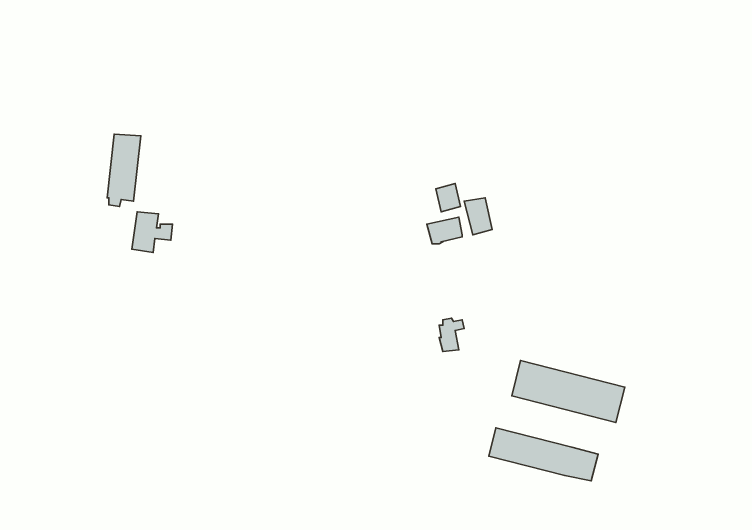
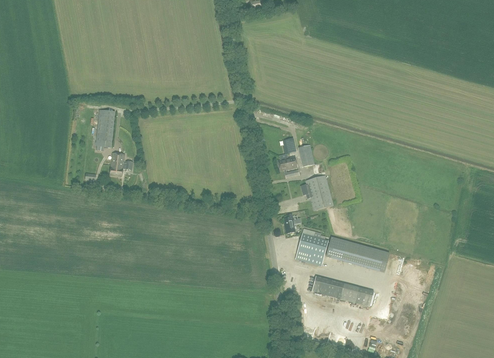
building: none -> [301,176,334,210]
building: none -> [295,229,328,266]

